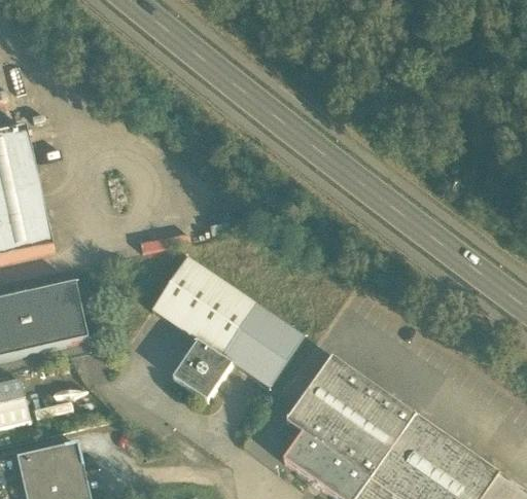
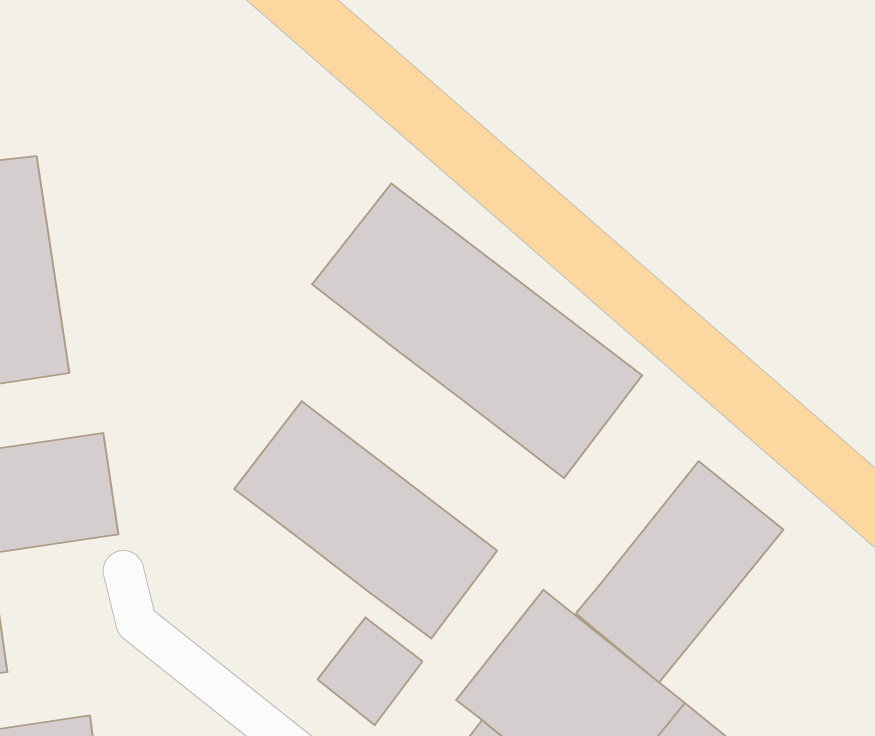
building: none -> [312,183,642,478]
building: none -> [576,461,783,682]
building: [172,338,231,399] -> [318,617,422,725]

